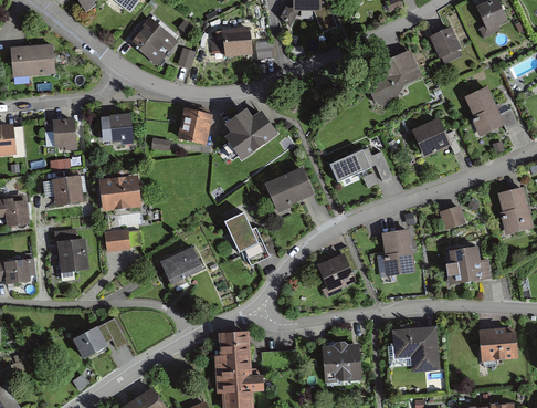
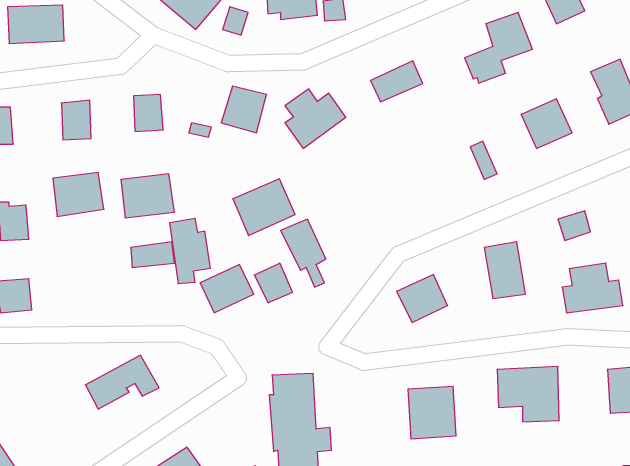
building: [329,148,370,180] -> [370,61,423,102]
building: [264,167,313,211] -> [233,179,295,236]
building: [54,228,86,279] -> [170,218,211,284]
building: none -> [254,263,293,303]

